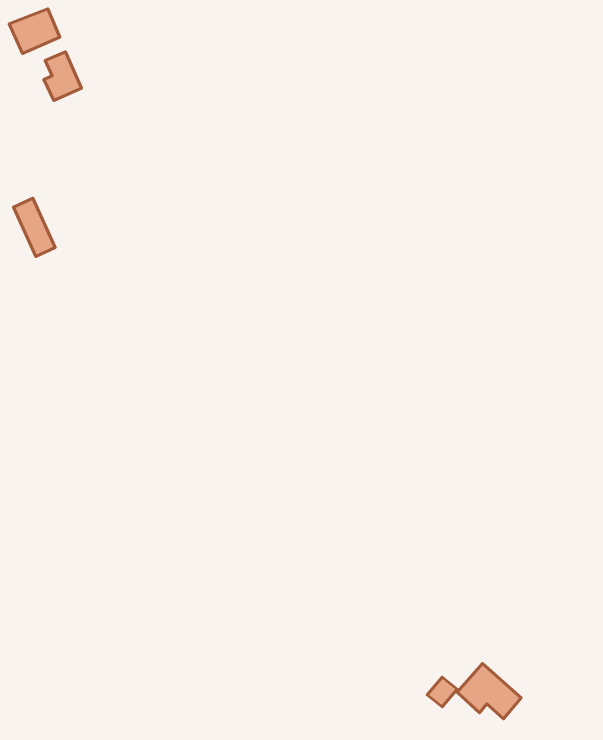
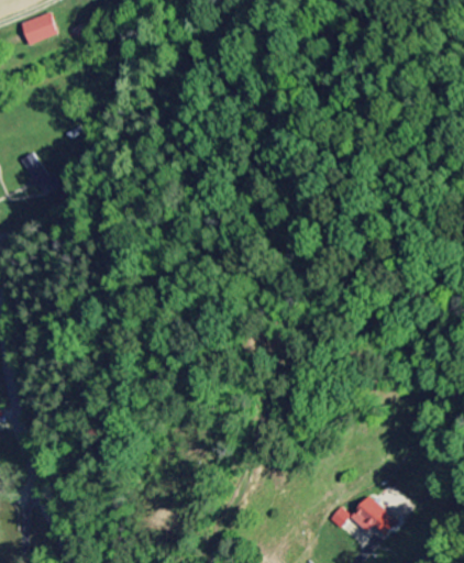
building: [44,52,81,101] -> none

